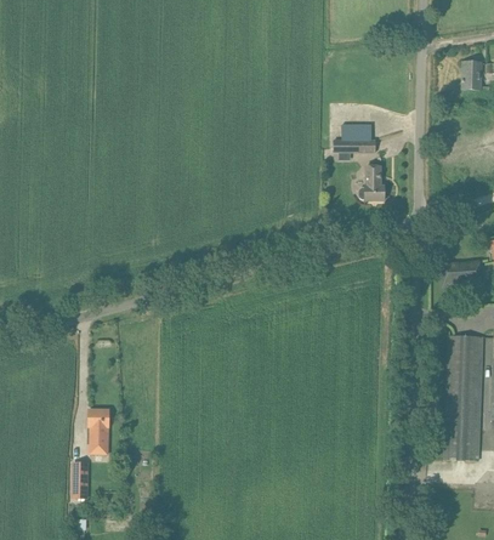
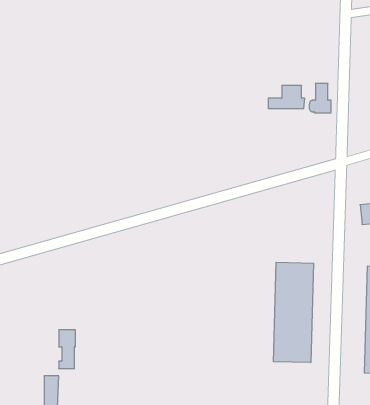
building: [358,166,384,200] -> [309,83,331,113]
building: none -> [273,262,314,363]

